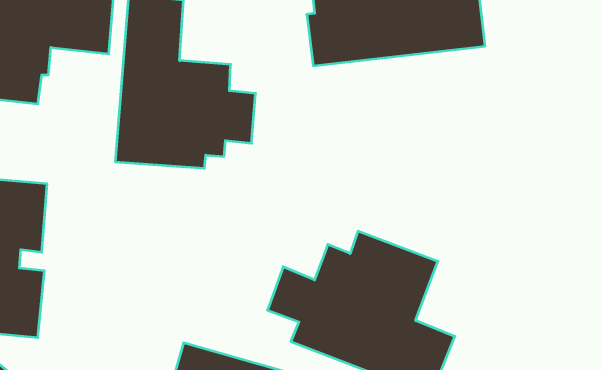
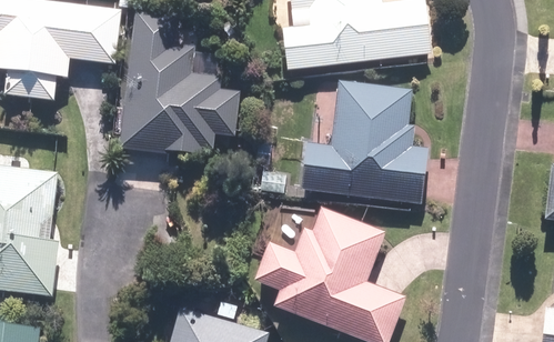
building: none -> [299,81,429,202]

